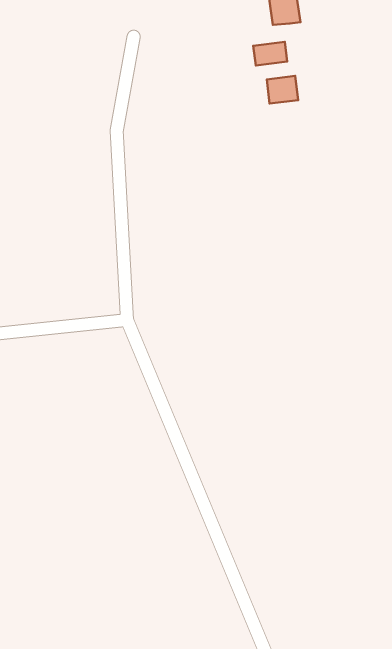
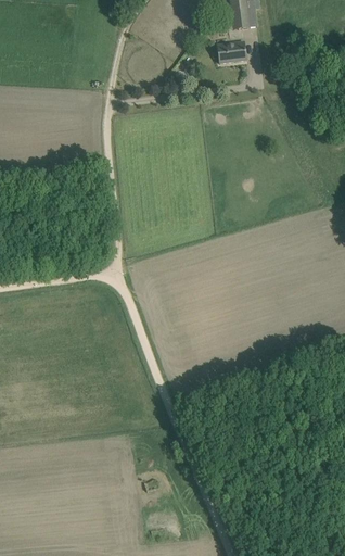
building: [267,76,298,104] -> none

